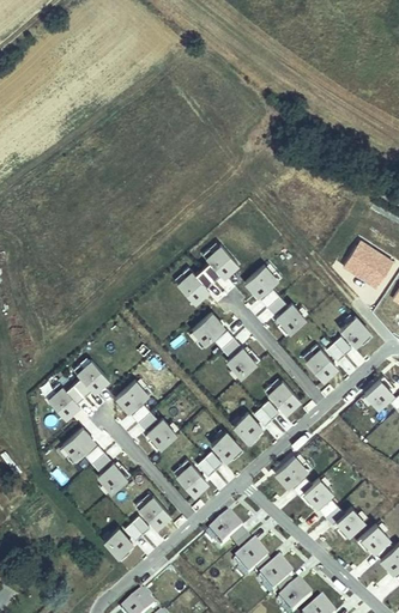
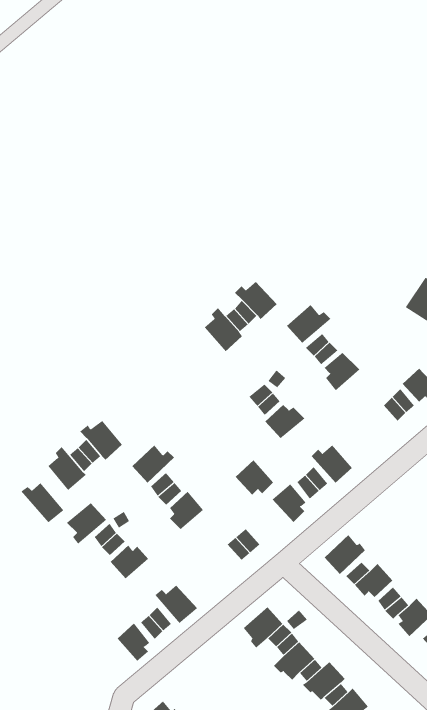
building: [193,314,225,350] -> none
building: [306,345,338,382] -> none
building: none -> [20,483,64,523]
building: [212,433,244,463] -> [235,459,274,496]
building: [177,461,210,498] -> none

